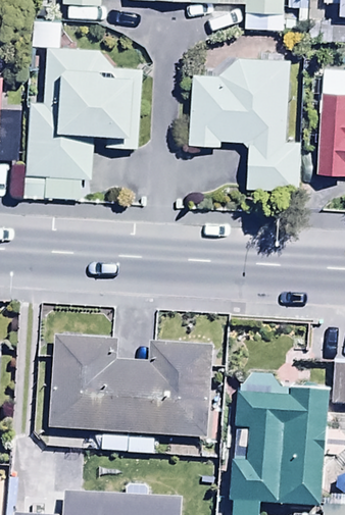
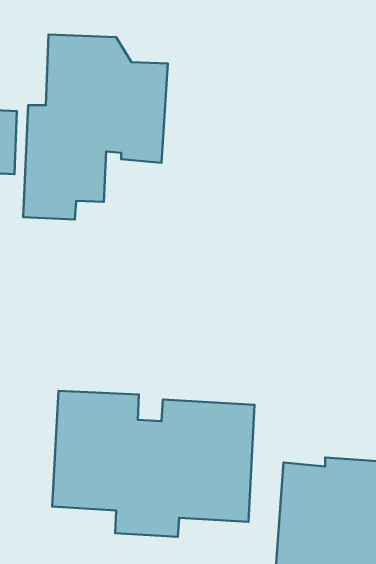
building: [189,58,300,191] -> none

